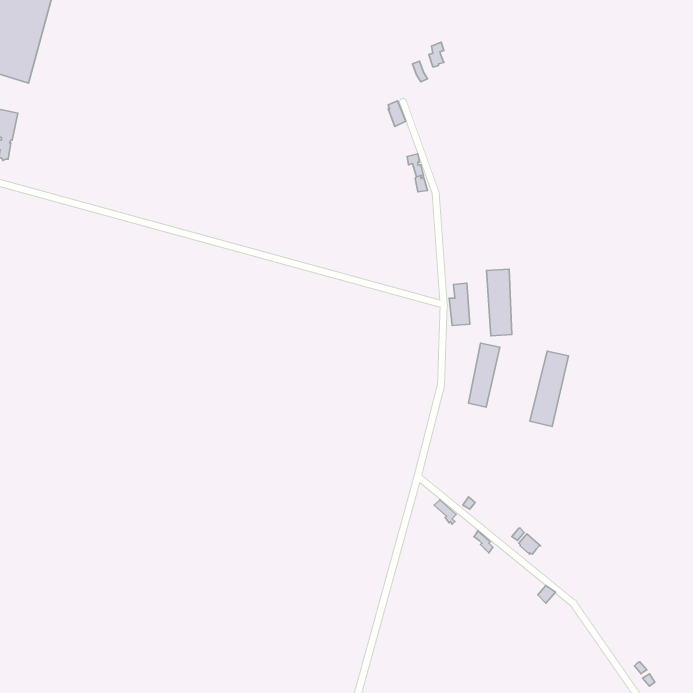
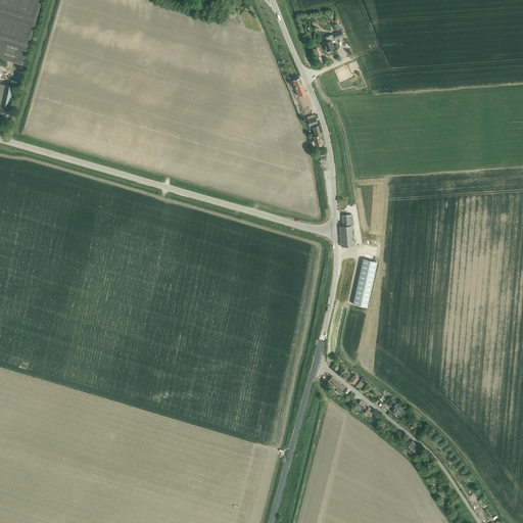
building: [486,269,512,336] -> none
building: [530,351,568,427] -> none

